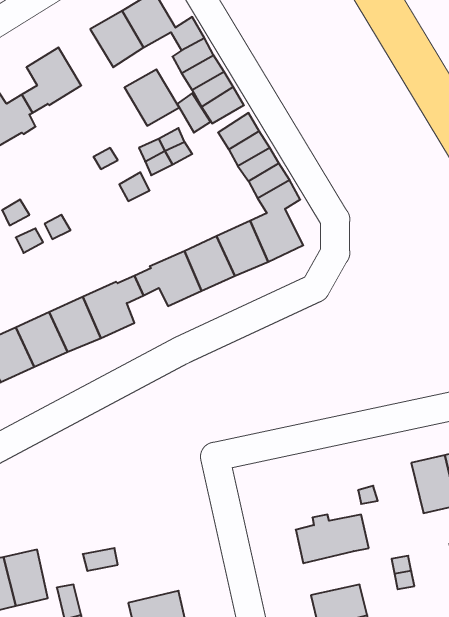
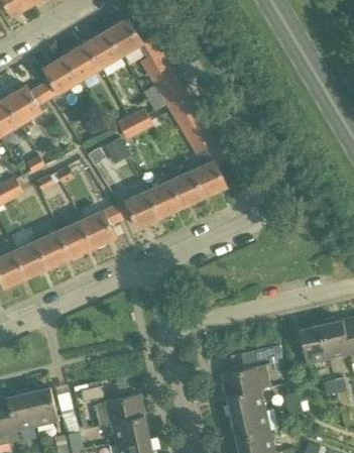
building: [124,69,179,126] -> [65,43,101,81]
building: none -> [227,389,264,419]
building: none -> [95,392,144,426]

